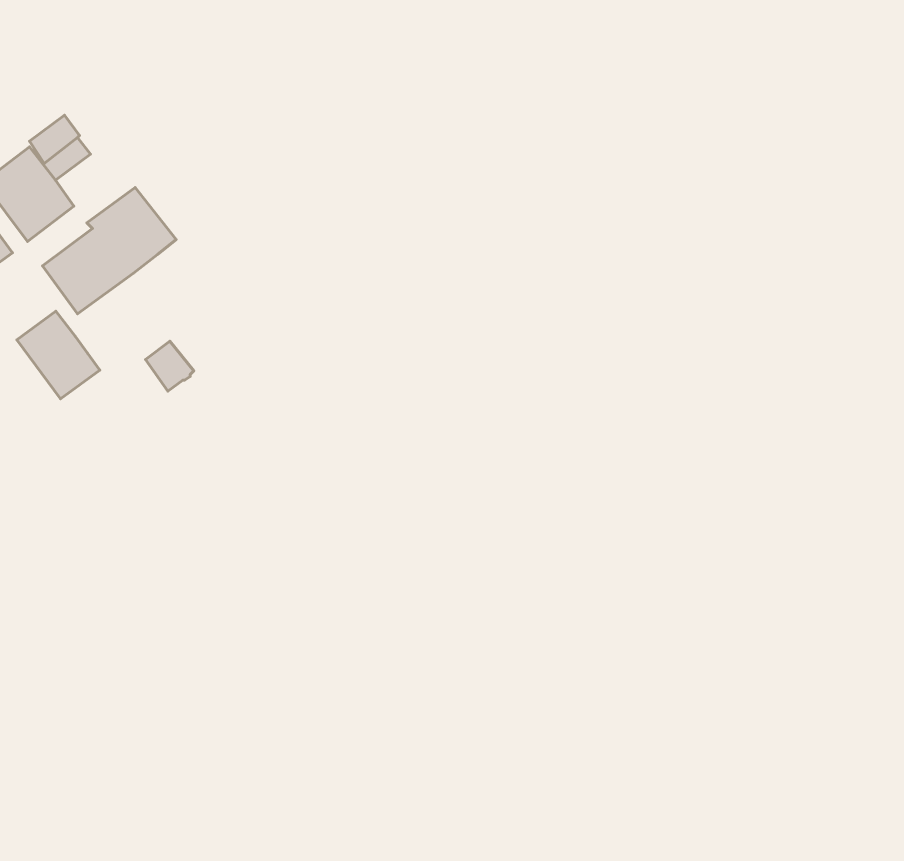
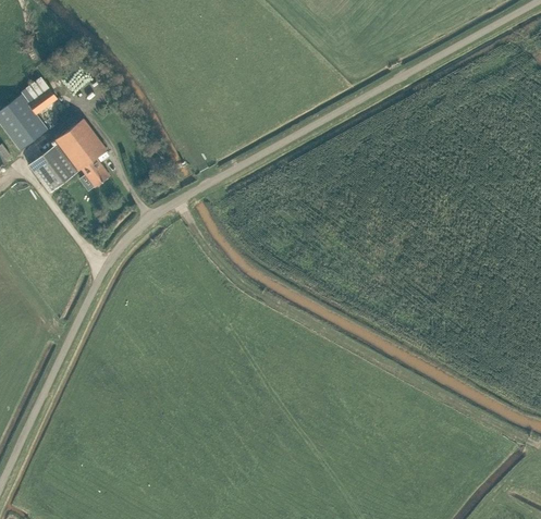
building: [17,311,100,399] -> none
building: [146,341,194,391] -> [82,158,110,187]

